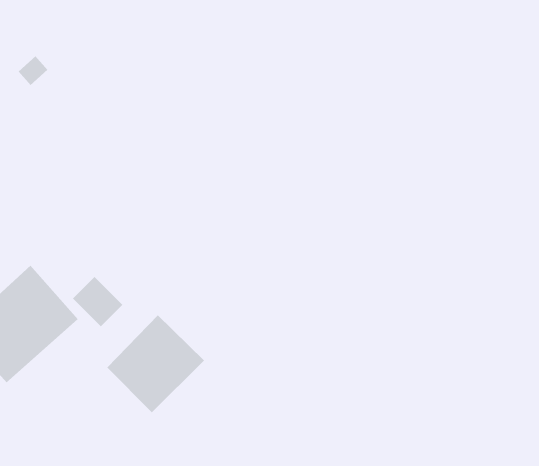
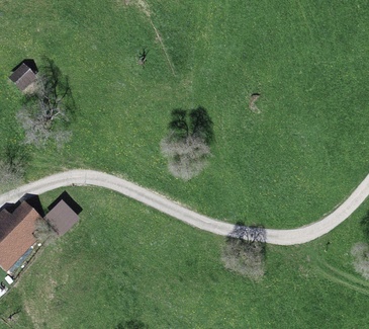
building: [106,315,205,413] -> none

